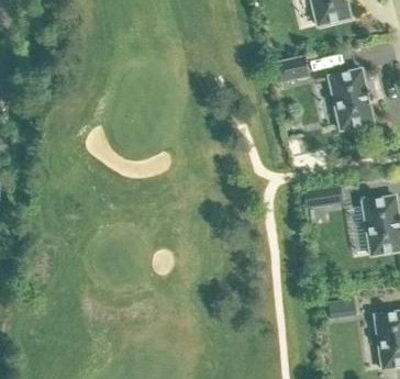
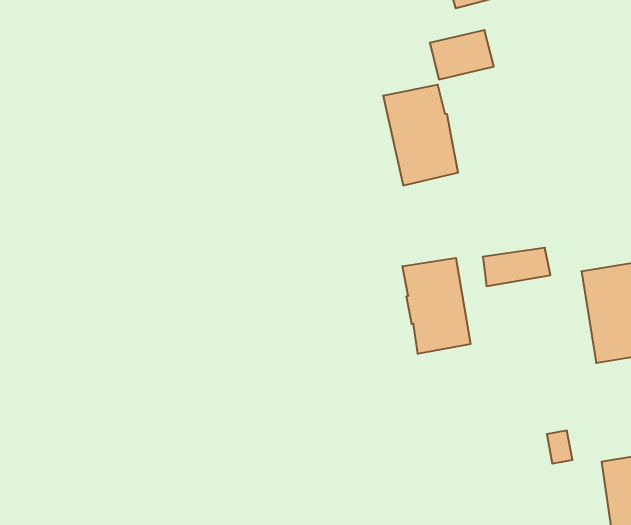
building: [327,69,373,130] -> [383,85,458,185]
building: none -> [402,258,471,354]

